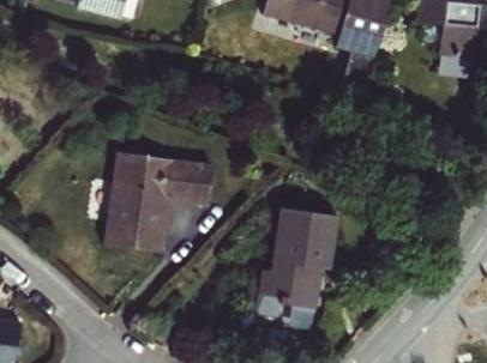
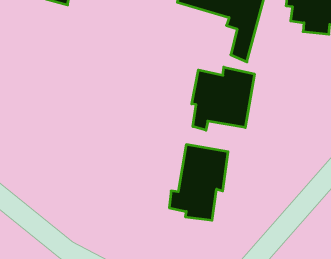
building: none -> [192,67,254,130]
building: [103,150,211,253] -> none

